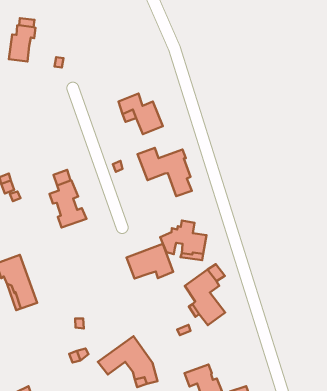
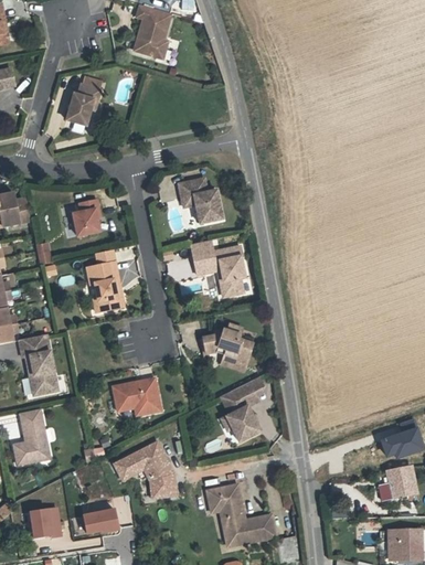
building: none -> [73,199,99,235]
building: [126,244,173,279] -> [113,377,161,414]
building: none -> [14,408,51,465]

